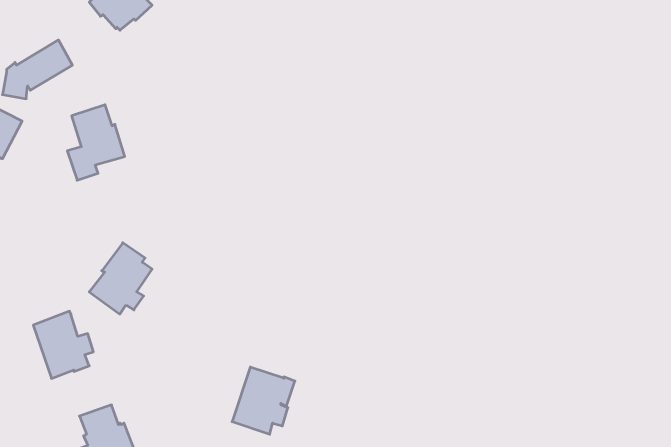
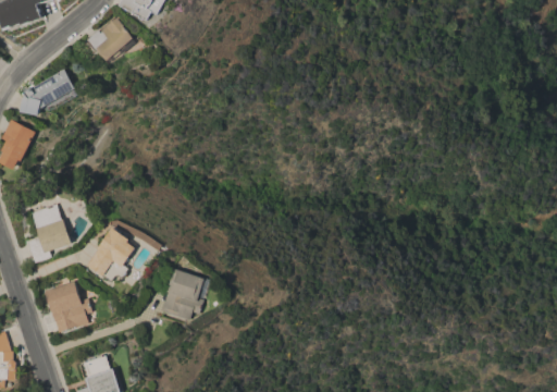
building: [67,105,125,180] -> [26,204,71,262]
building: [232,367,295,434] -> [160,269,209,321]

